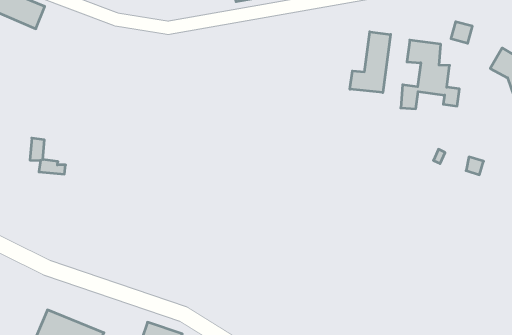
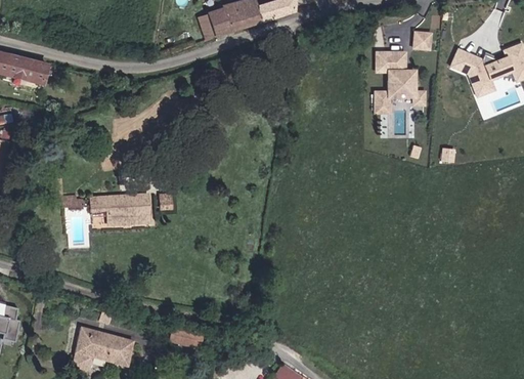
building: [350,32,391,93] -> none
building: none -> [90,195,148,225]

